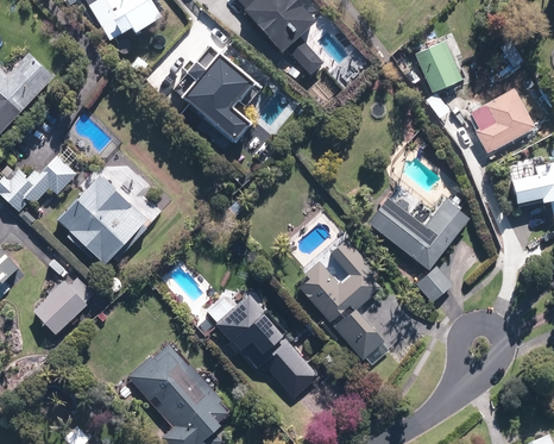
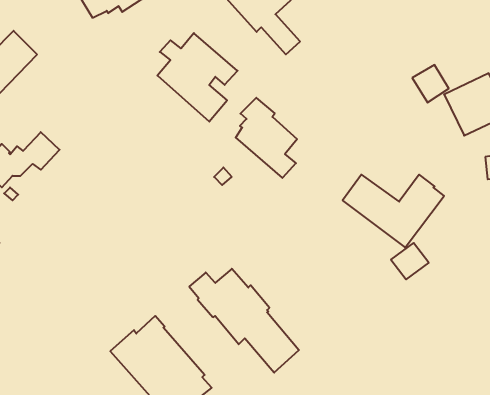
building: [411,33,465,93] -> none
building: none -> [236,98,297,178]
building: [61,174,151,263] -> none
building: [292,236,380,358] -> none
building: [36,275,96,332] -> none

